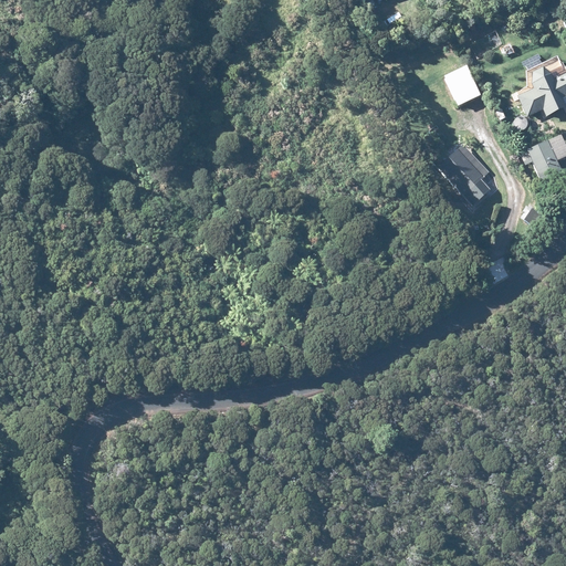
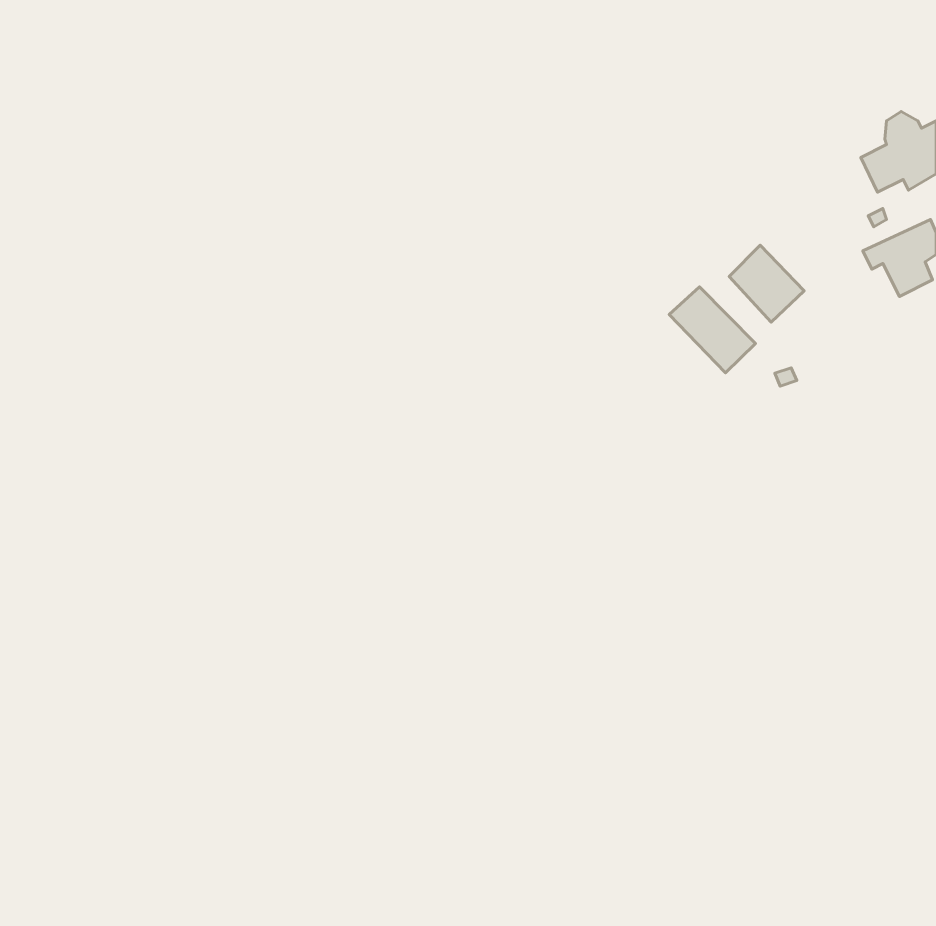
building: [444,61,482,103] -> none
building: none -> [669,287,755,373]

